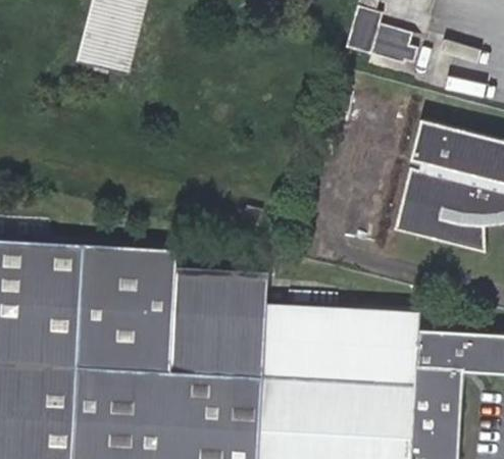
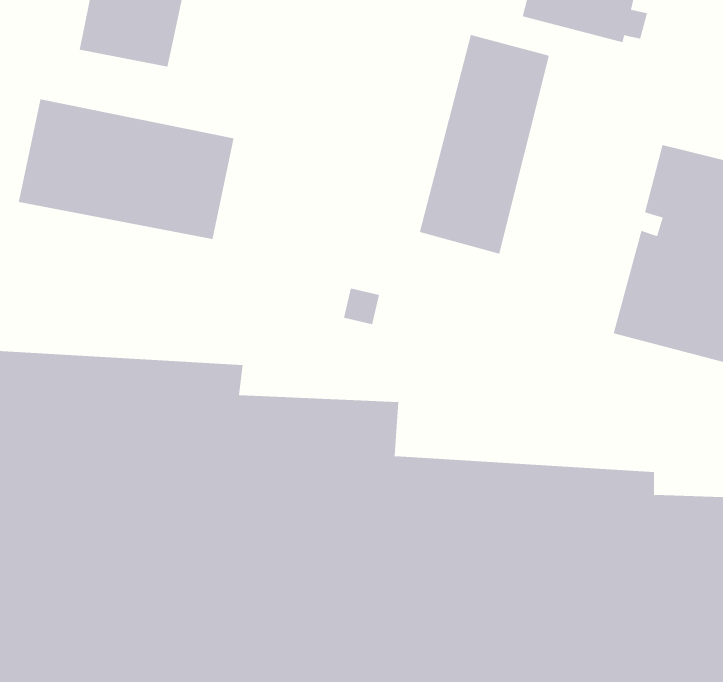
building: none -> [419,34,549,254]
building: none -> [18,99,234,240]

